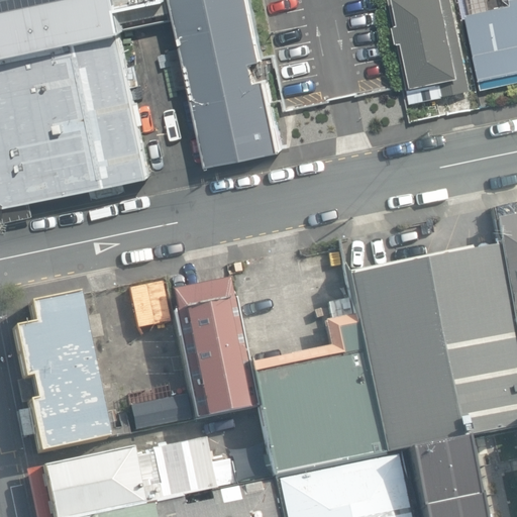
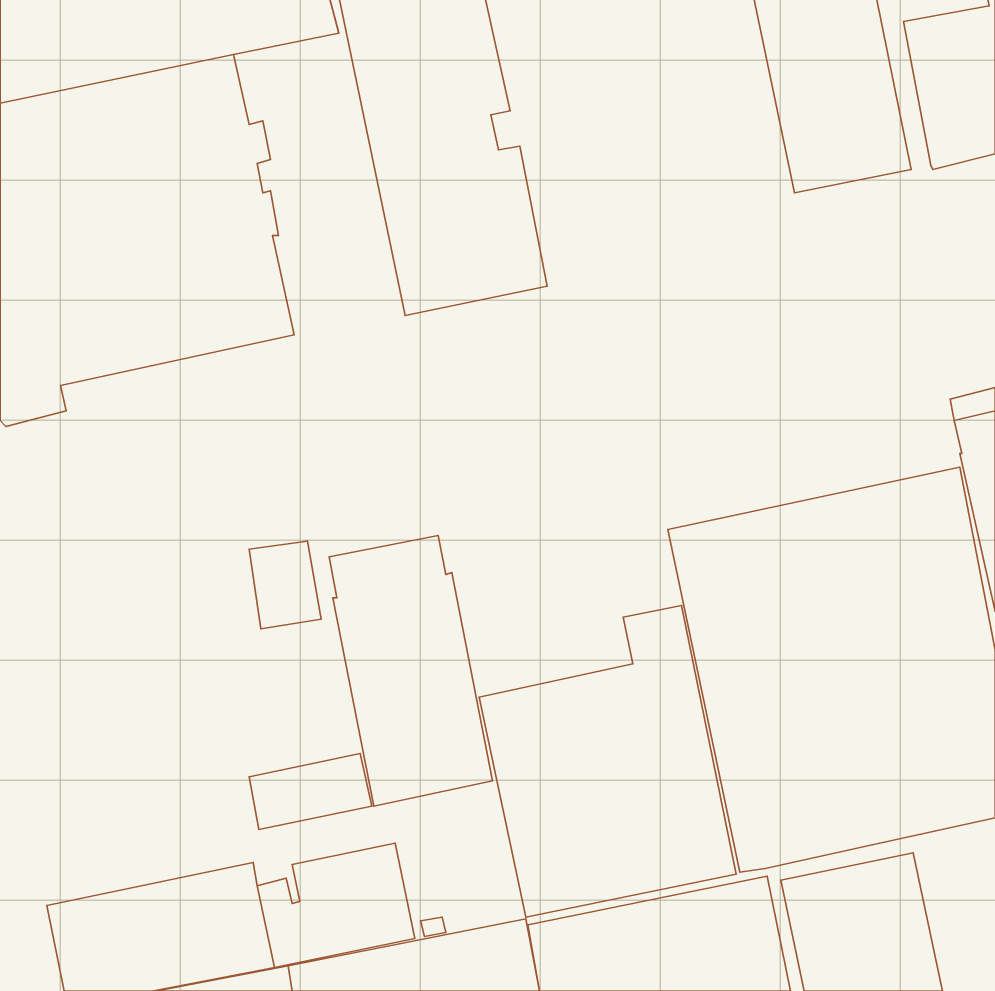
building: [13,293,107,450] -> none

